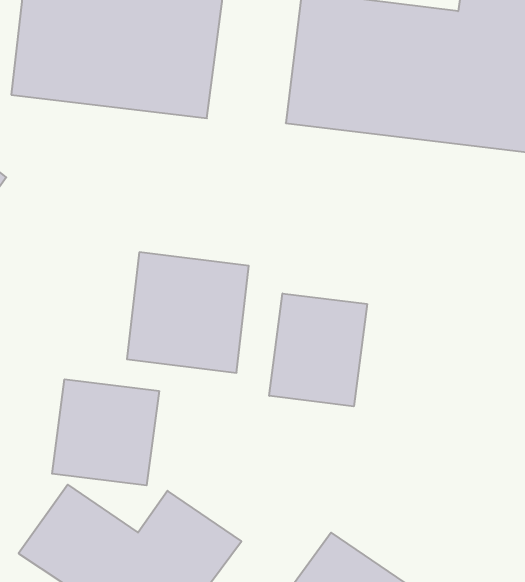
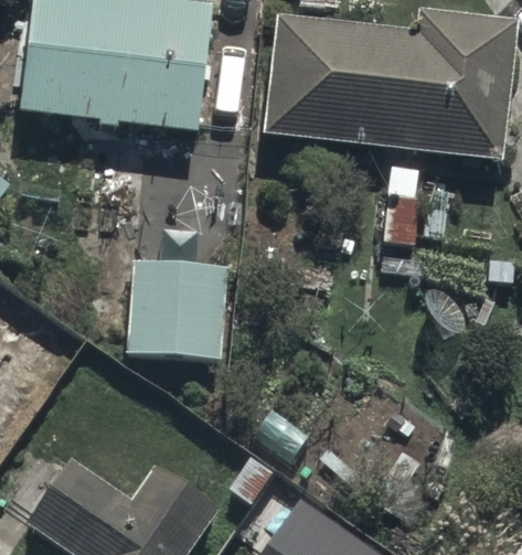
building: [269,293,367,406] -> none
building: [52,379,159,485] -> none

